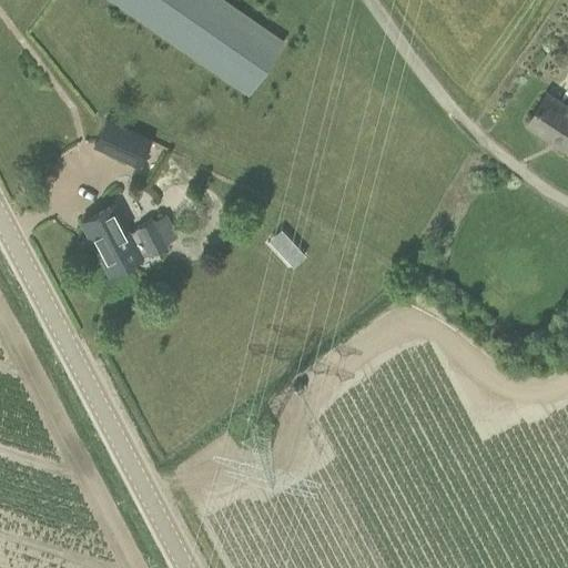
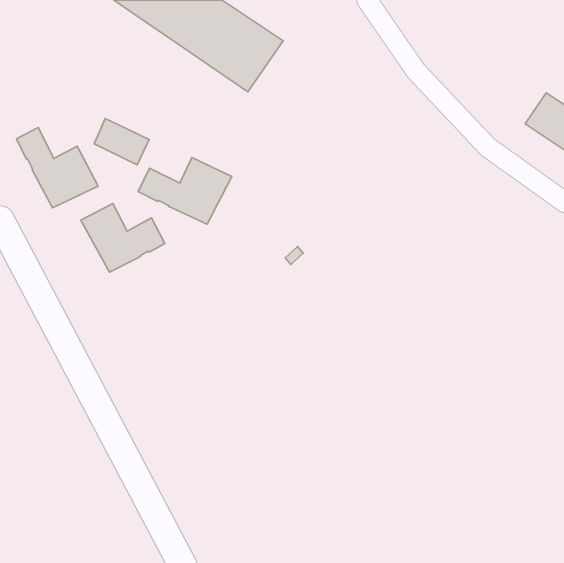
building: none -> [16,127,98,208]
building: none -> [138,158,232,224]

